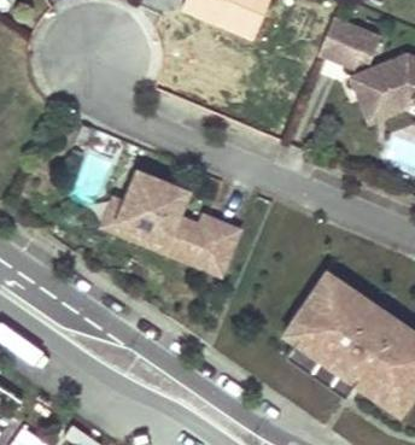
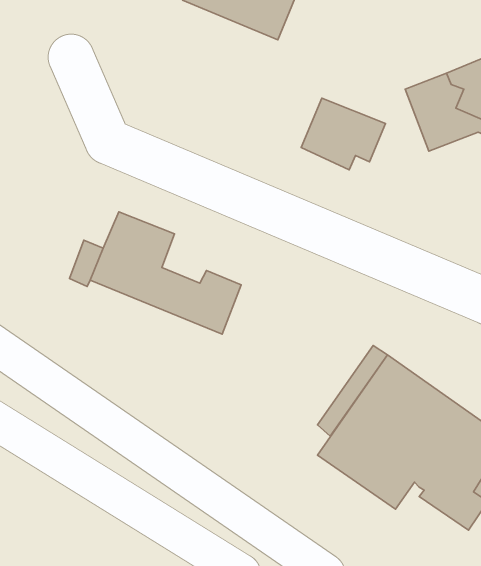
building: [320,16,384,70] -> [301,98,386,170]

